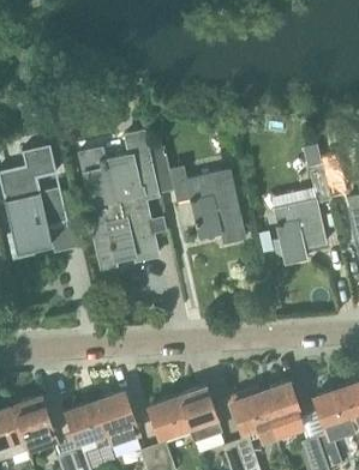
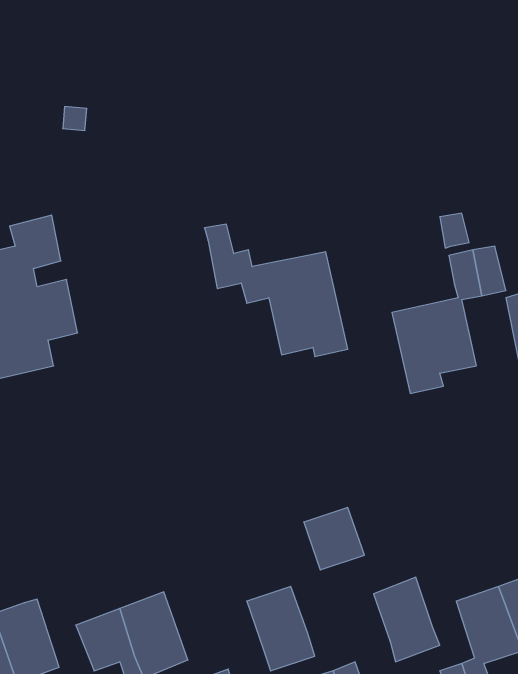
building: [83,132,160,270] -> none
building: [232,393,271,434] -> [304,507,364,570]
building: [149,398,189,439] -> none

